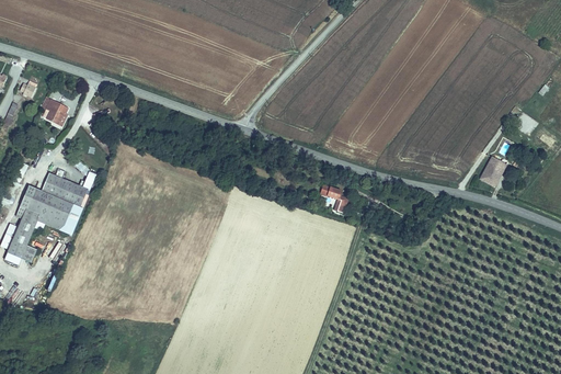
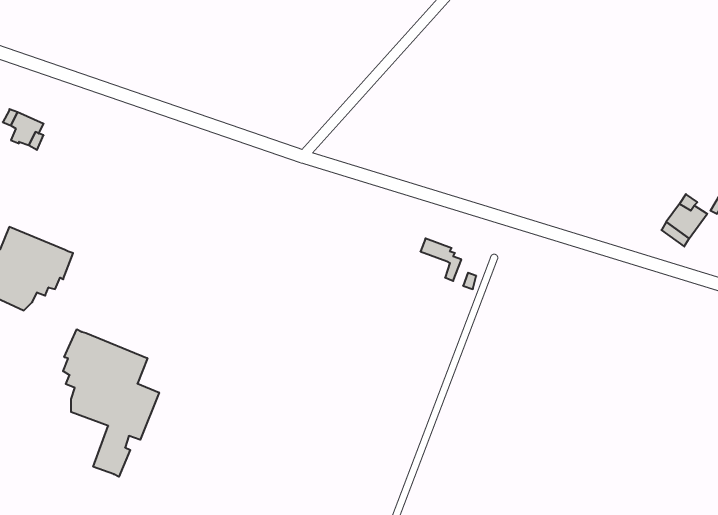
building: none -> [63,329,159,477]

